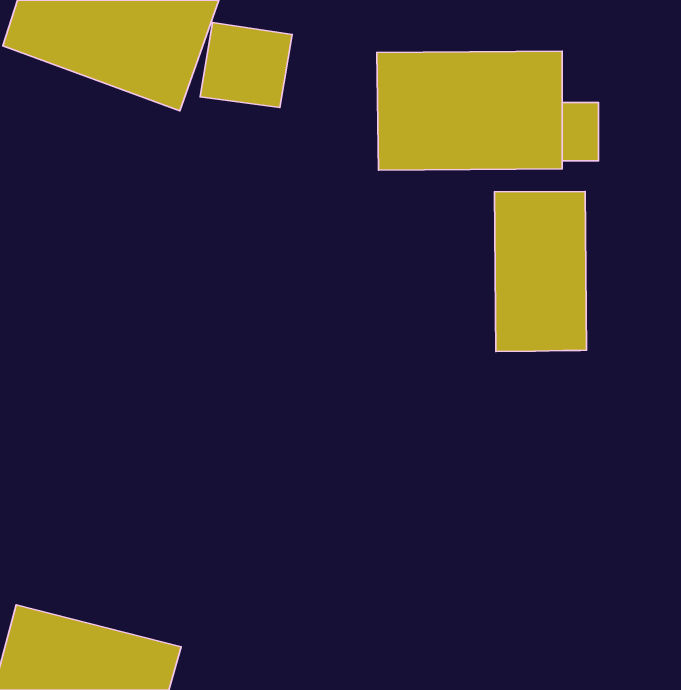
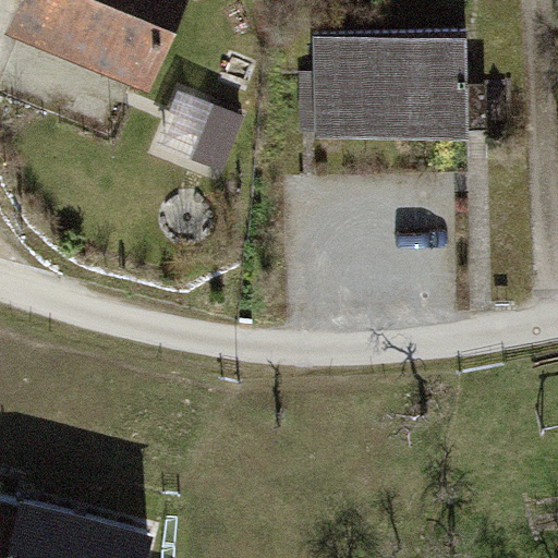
building: [200,22,292,107] -> [168,93,242,161]
building: [495,192,586,352] -> none

